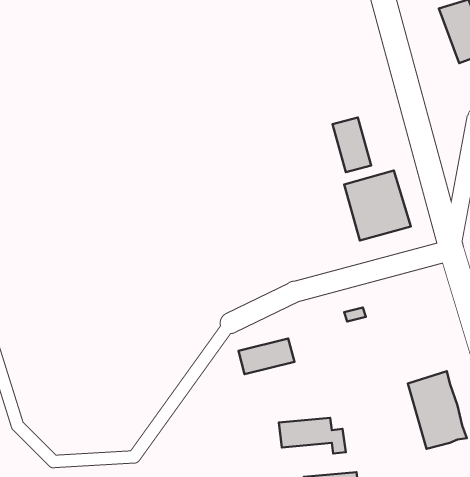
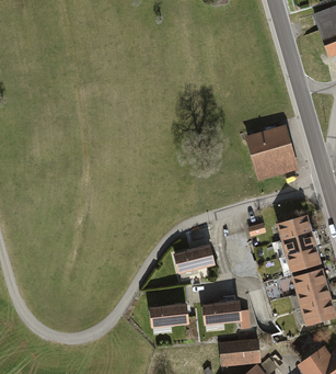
building: [333,118,371,172] -> none
building: none -> [277,216,317,271]
building: none -> [149,305,186,327]

